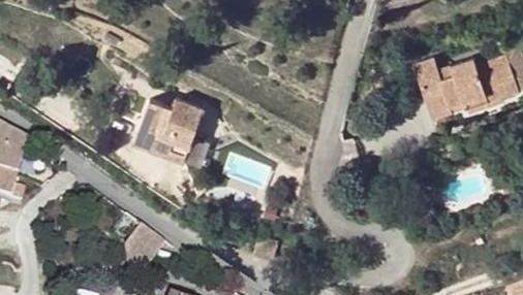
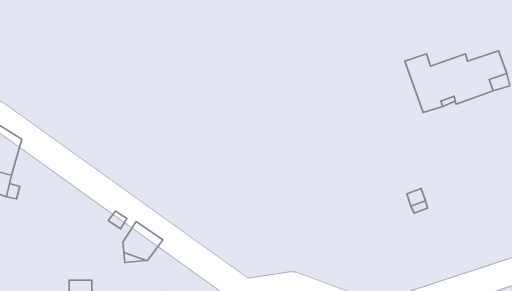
building: [135,97,205,160] -> none

